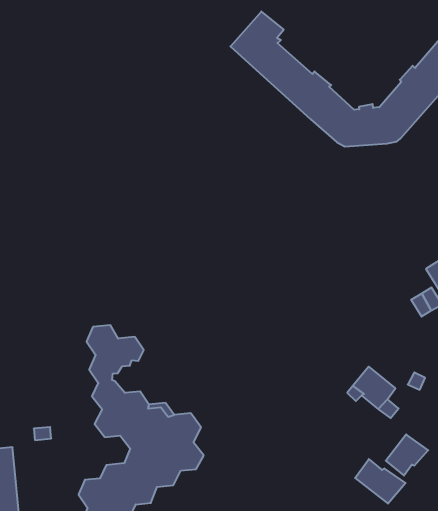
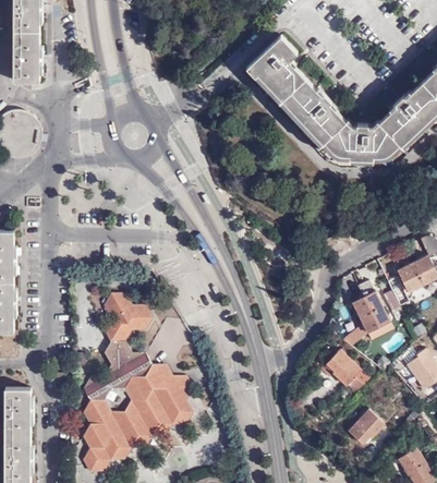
building: none -> [350,292,390,334]
building: none -> [82,375,110,422]
building: [355,459,406,504] -> none

